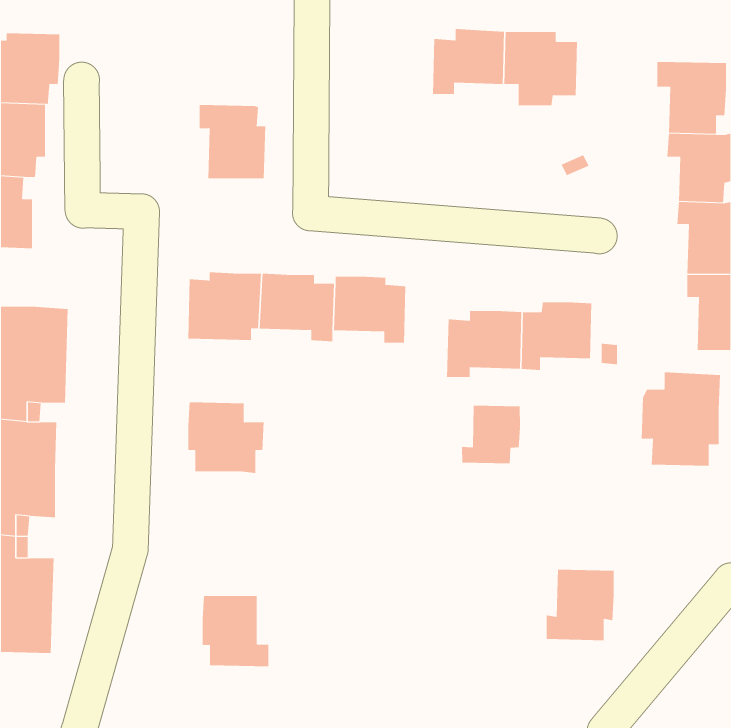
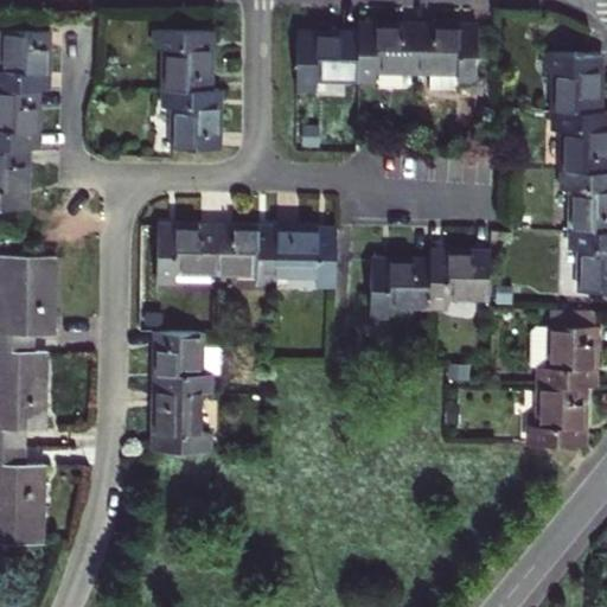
building: none -> [156,28,213,90]
building: none -> [298,34,359,89]
building: [462,405,520,464] -> none
building: [546,569,615,641] -> [530,388,587,447]
building: [202,595,269,667] -> [154,394,210,453]

